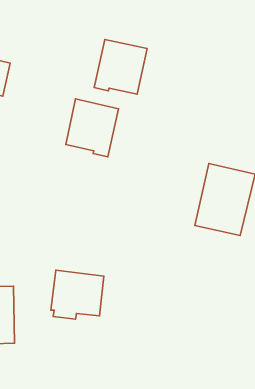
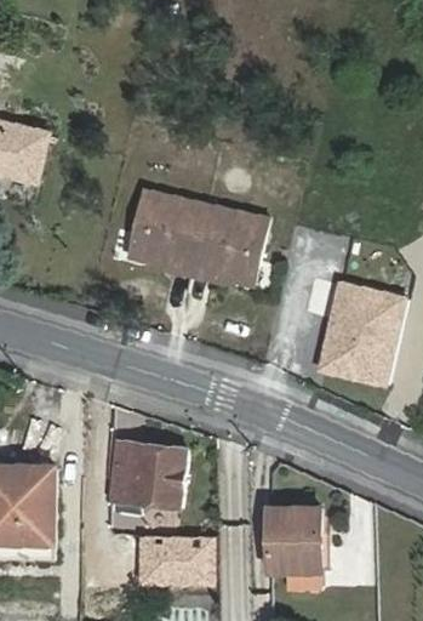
building: [94,39,147,94] -> [192,204,269,284]
building: none -> [267,509,319,572]
building: none -> [141,536,215,587]

